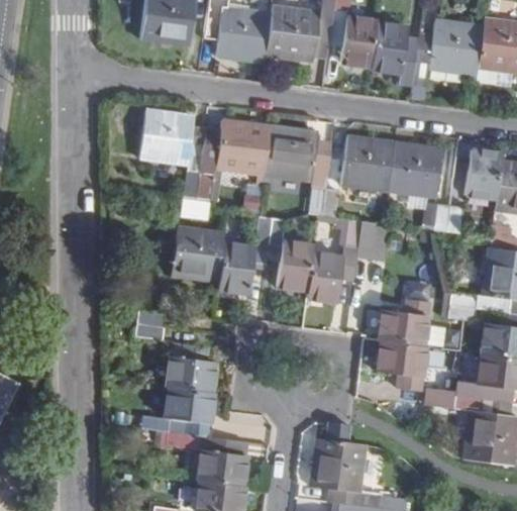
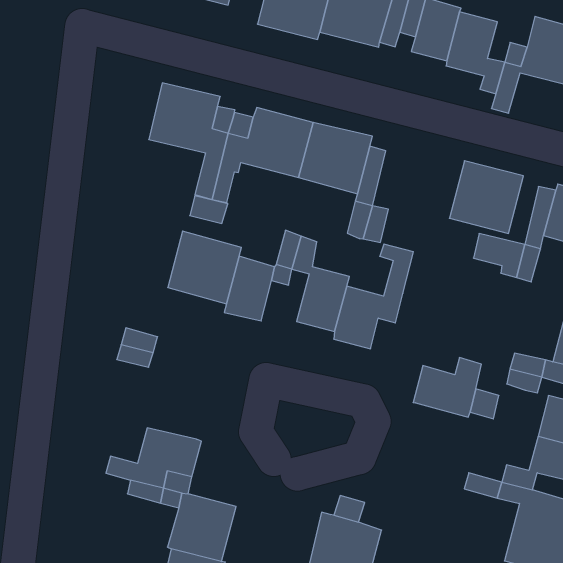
building: [340,136,394,190] -> none
building: [358,220,388,259] -> none
building: [377,340,425,389] -> none
building: [165,357,213,392] -> none

